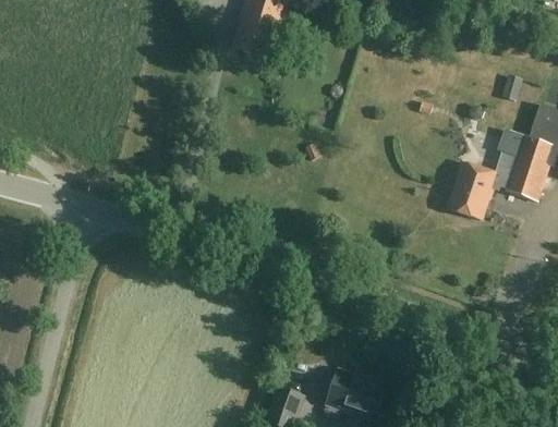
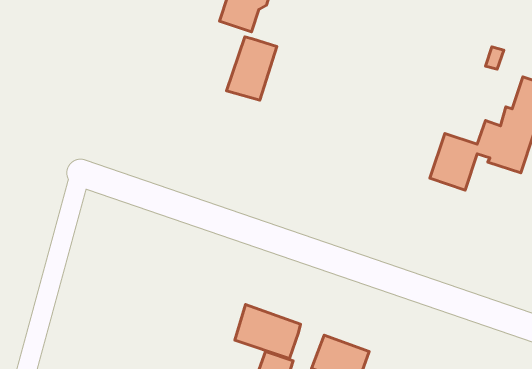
building: none -> [226,37,277,100]
building: none -> [235,304,301,358]

